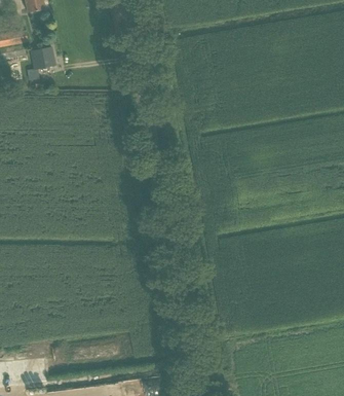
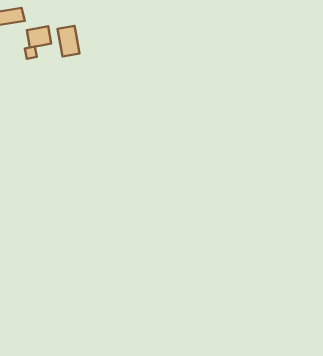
building: none -> [58,26,80,57]

